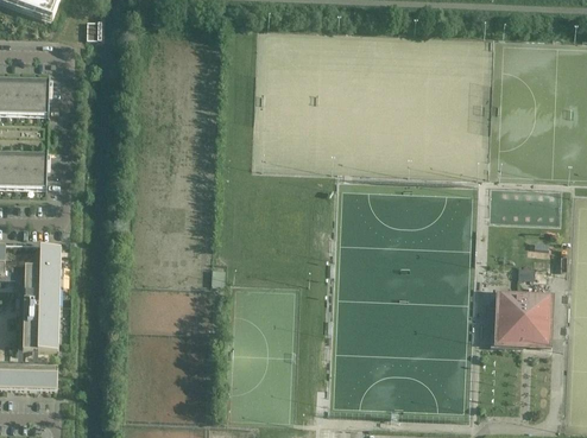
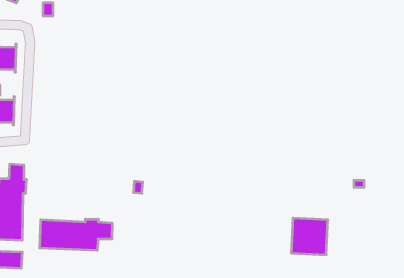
building: [496,292,547,343] -> [291,218,328,255]
building: none -> [40,219,112,250]

